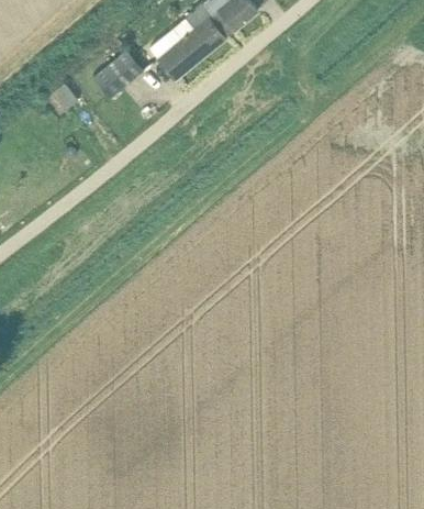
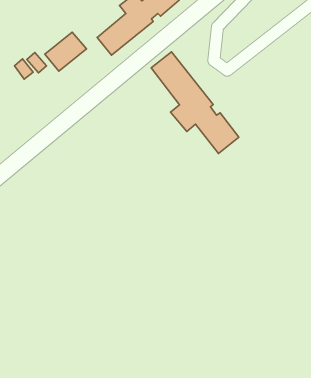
building: none -> [151,52,239,153]

